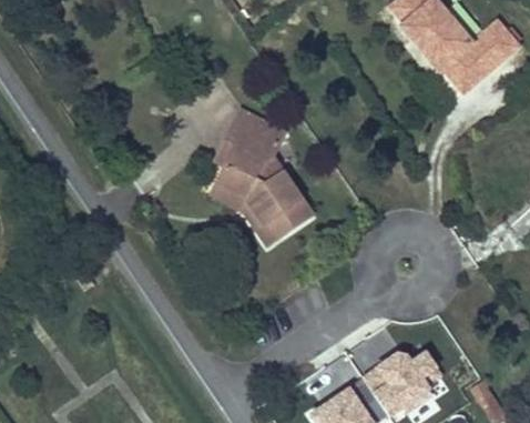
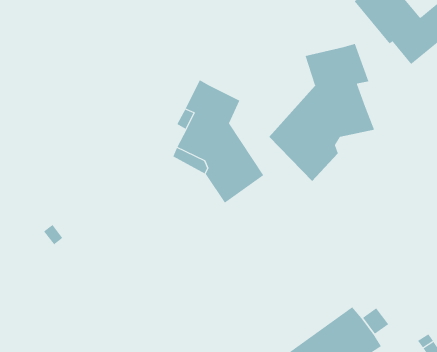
building: none -> [268,43,375,182]

